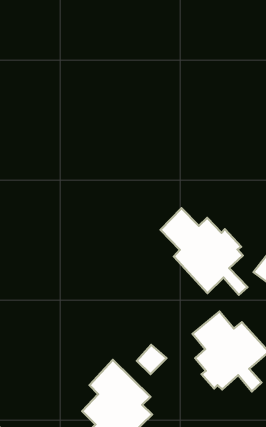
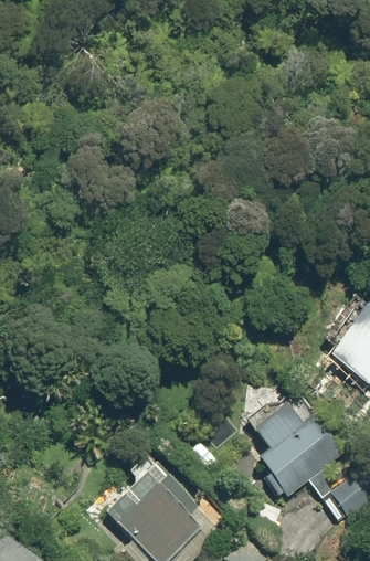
building: [161,208,247,295] -> none

